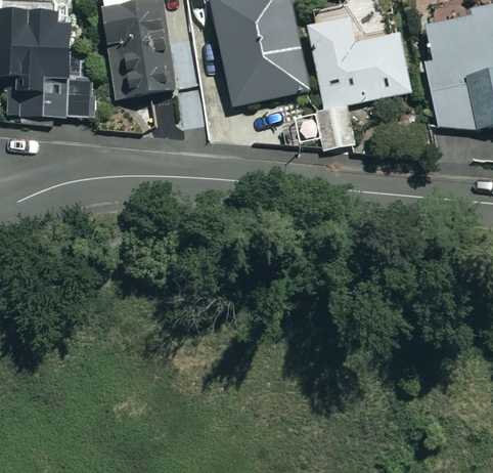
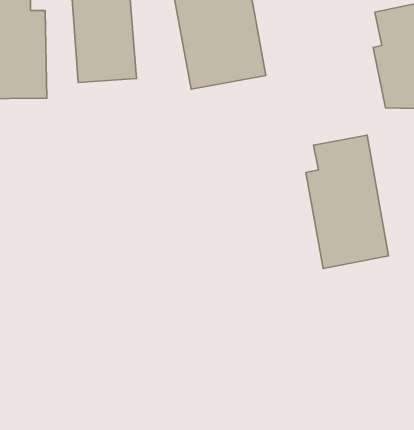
building: [308,18,410,148] -> none
building: none -> [306,135,388,268]

